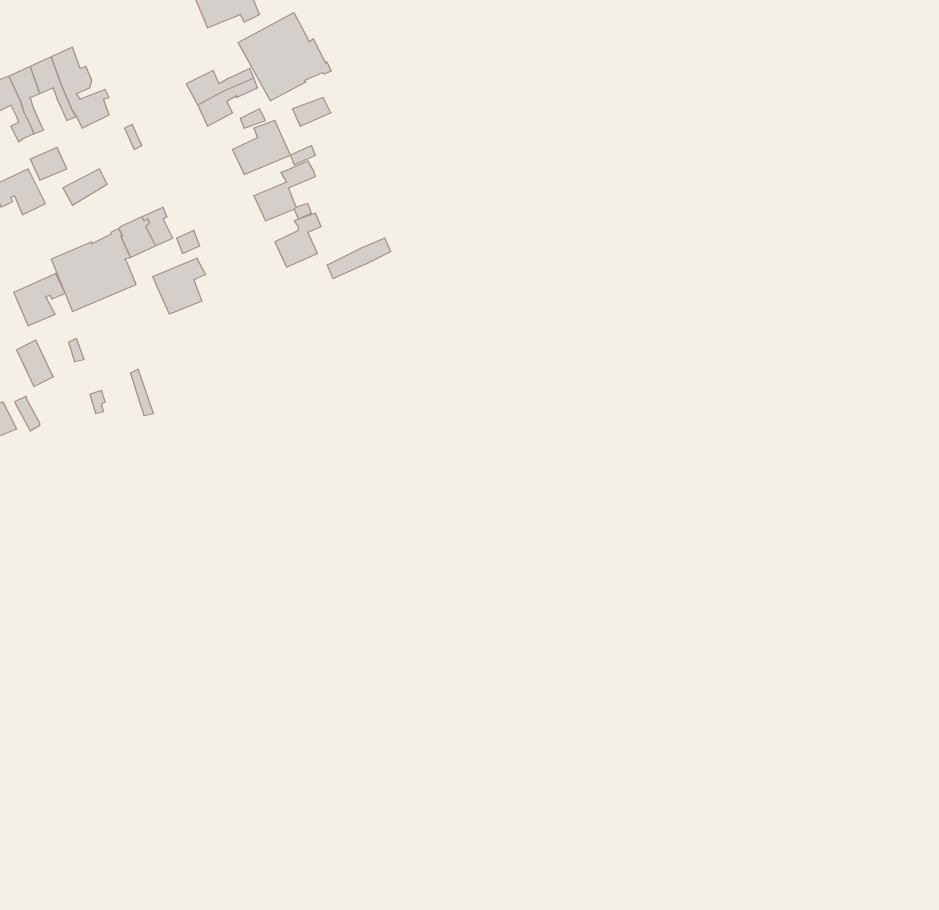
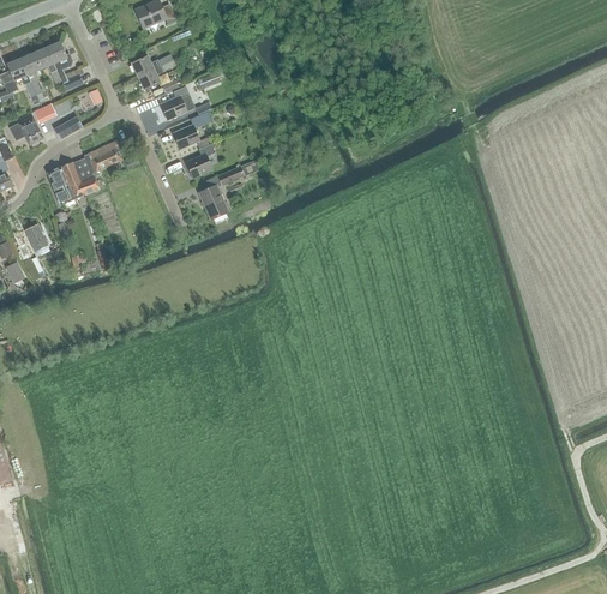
building: [238,13,331,101] -> none
building: [153,258,206,314] -> none
building: [14,273,65,326] -> none
building: none -> [198,184,227,222]

